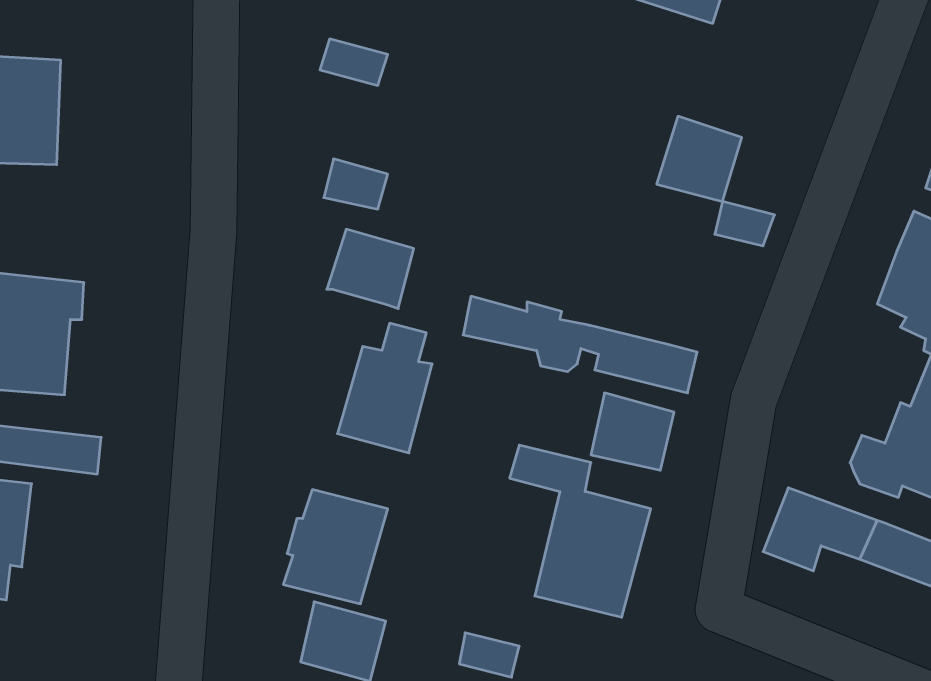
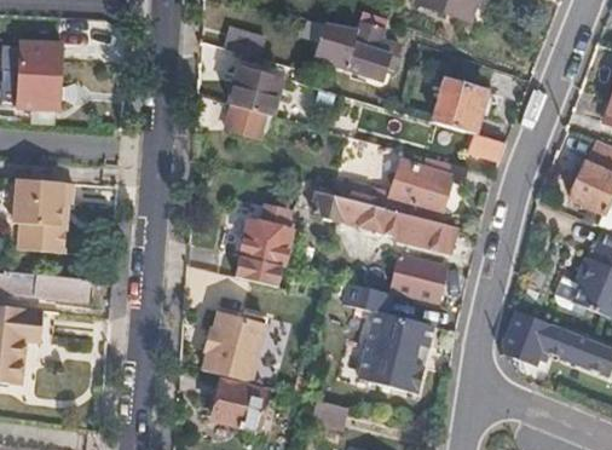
building: none -> [328,19,400,79]
building: [327,229,414,309] -> [227,68,282,117]
building: none -> [391,163,452,221]

